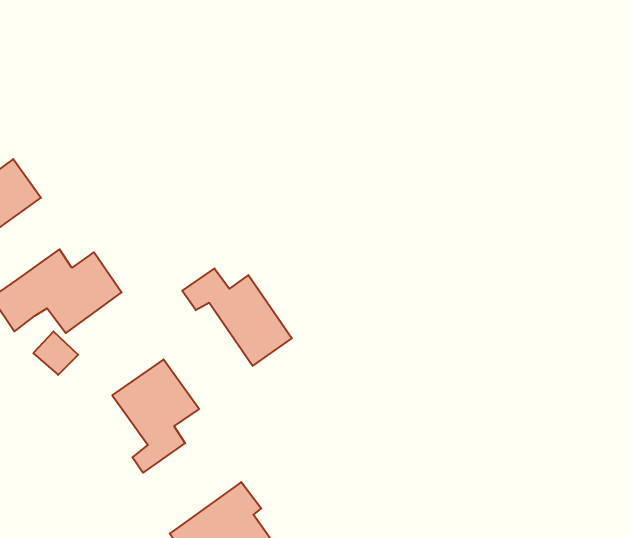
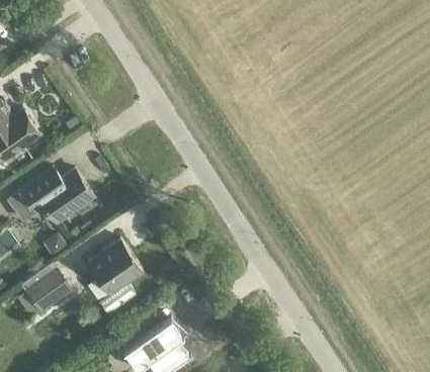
building: [182,268,292,366] -> none
building: none -> [20,263,71,311]

